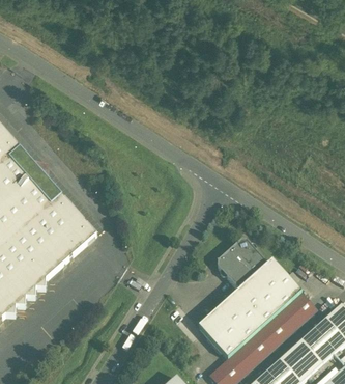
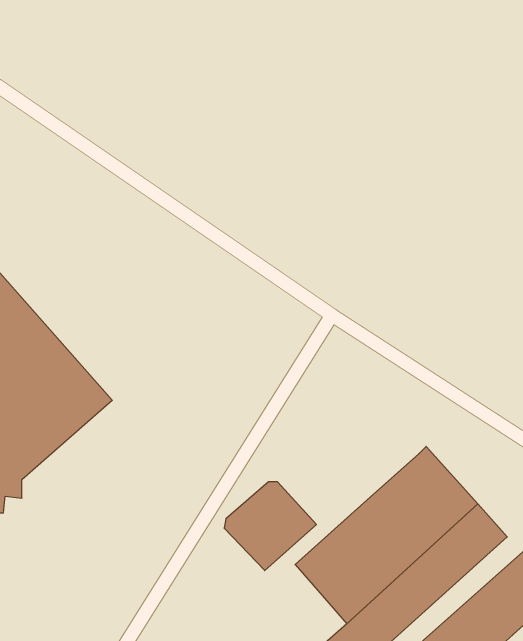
building: [217,239,268,289] -> [224,482,316,571]

